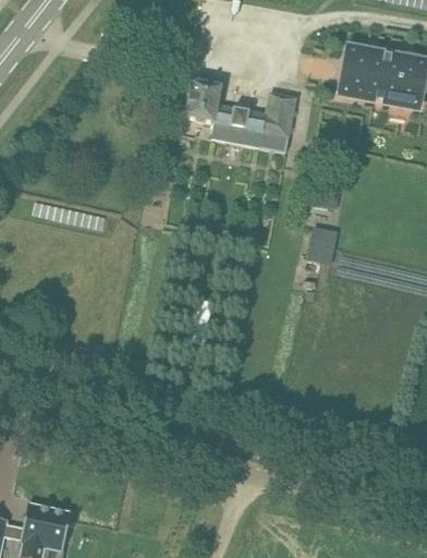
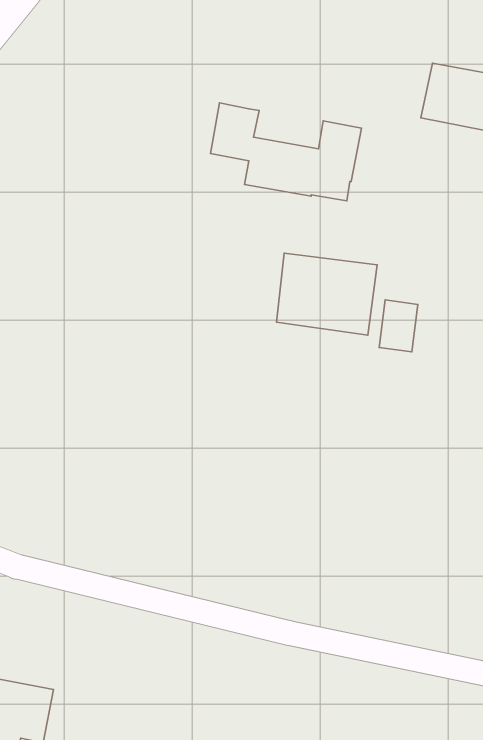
building: none -> [276,253,377,335]

